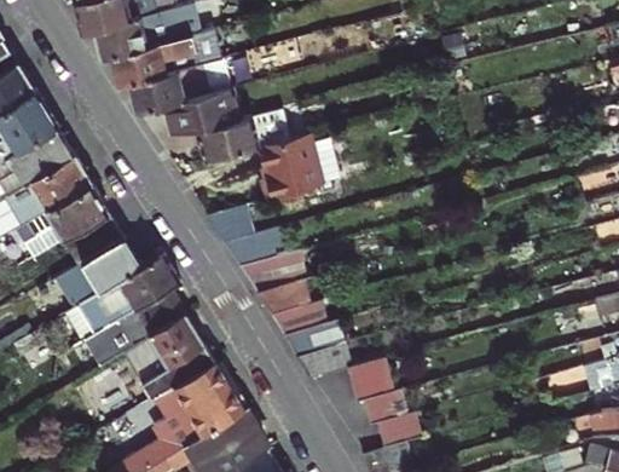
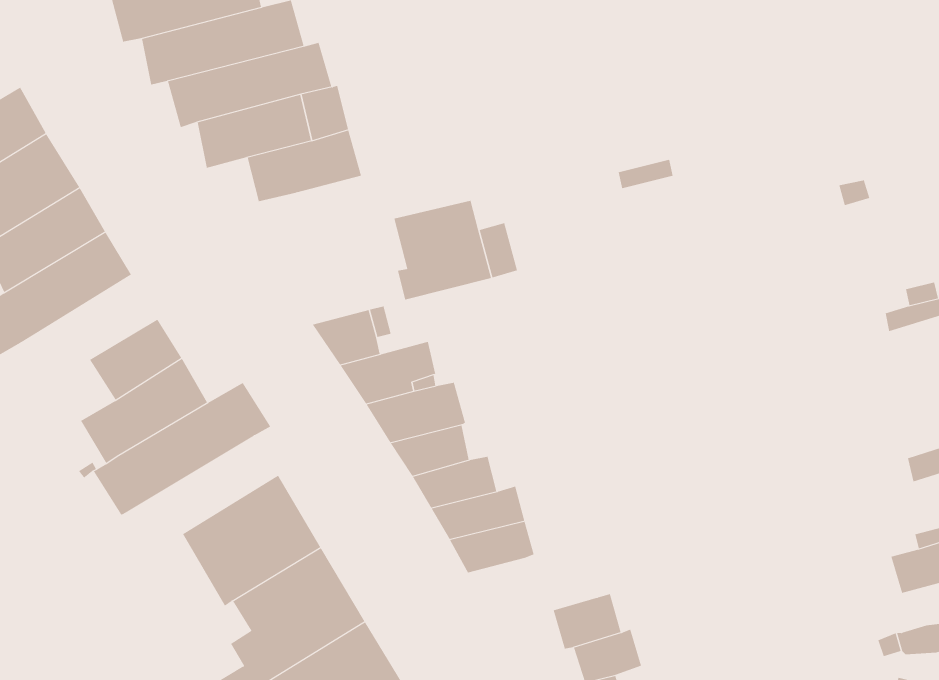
building: [197,115,260,160] -> none
building: [17,183,106,255] -> none
building: [85,288,185,365] -> none
building: [346,358,393,403] -> none

